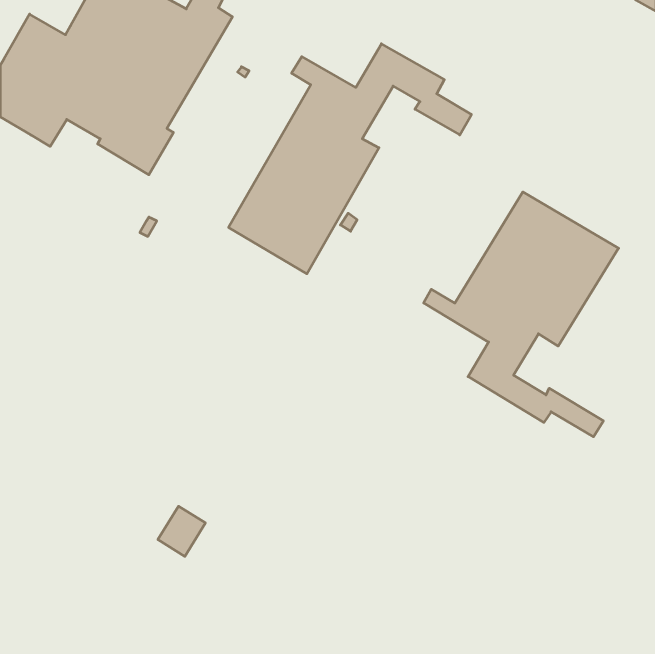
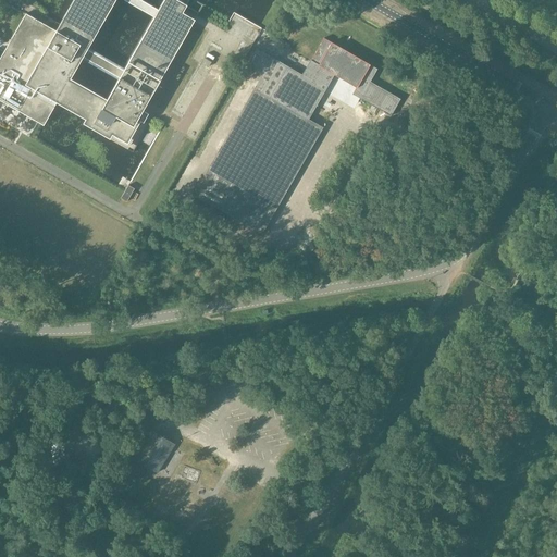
building: [424,192,619,437] -> none

